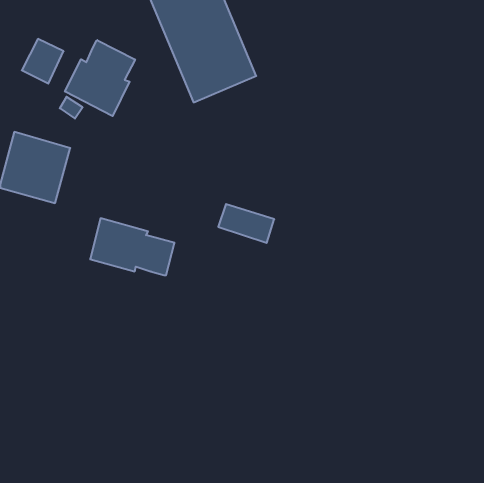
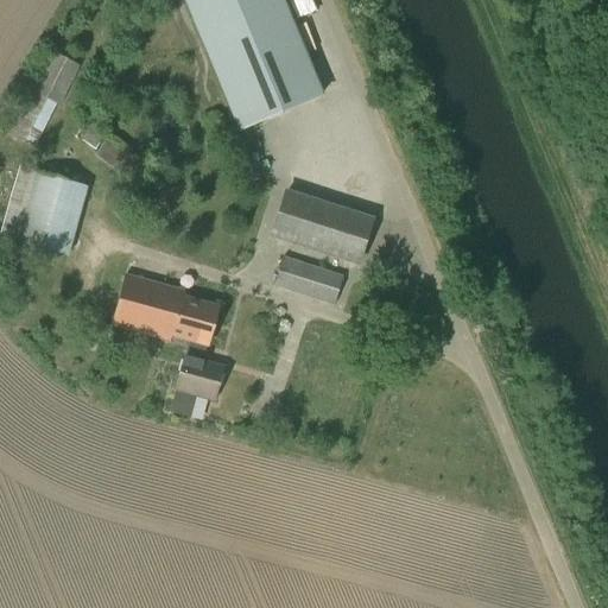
building: [65,40,135,116] -> none
building: none -> [273,190,373,262]
building: none -> [171,340,223,416]

